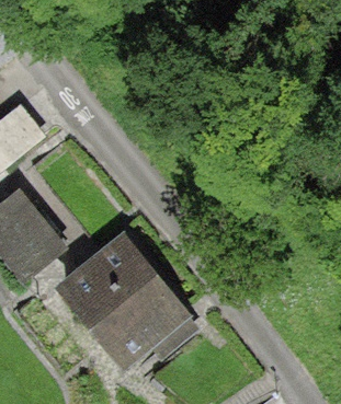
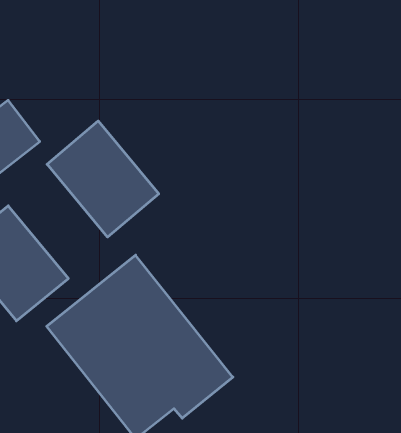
building: none -> [47,121,159,237]

